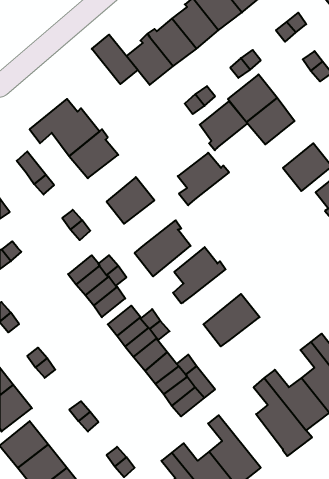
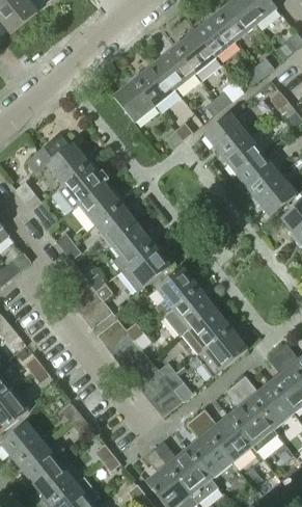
building: [92,35,138,84] -> none
building: [200,101,248,150] -> [237,154,279,197]
building: [178,153,229,205] -> [111,224,157,271]
building: none -> [79,184,121,225]
building: none -> [164,286,215,336]
building: none -> [195,326,248,377]
building: none -> [195,408,252,462]

